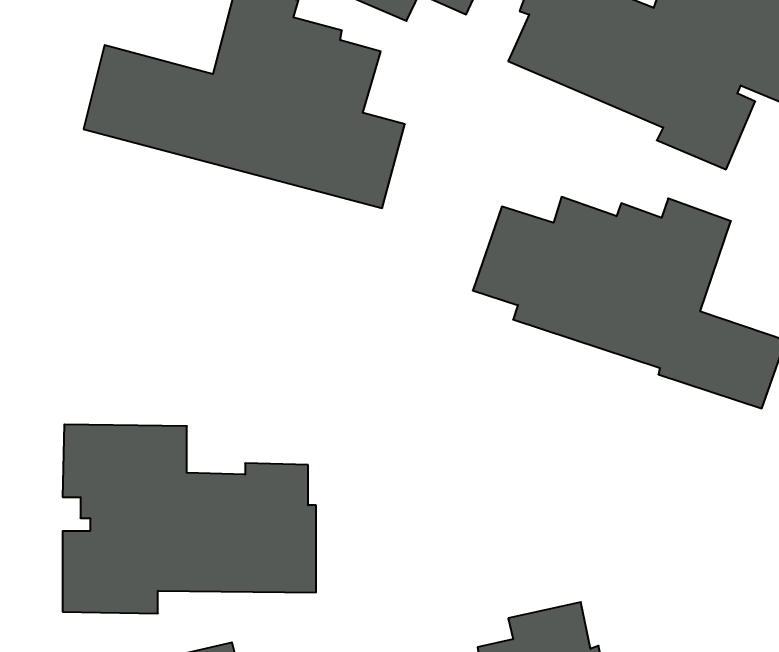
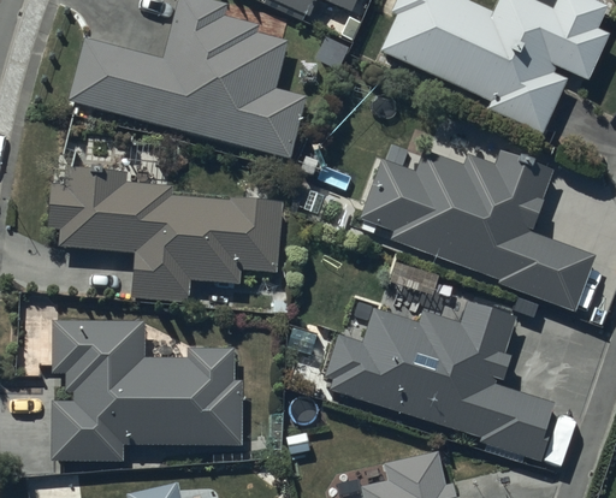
building: none -> [47,165,280,302]
building: none -> [325,301,559,462]

